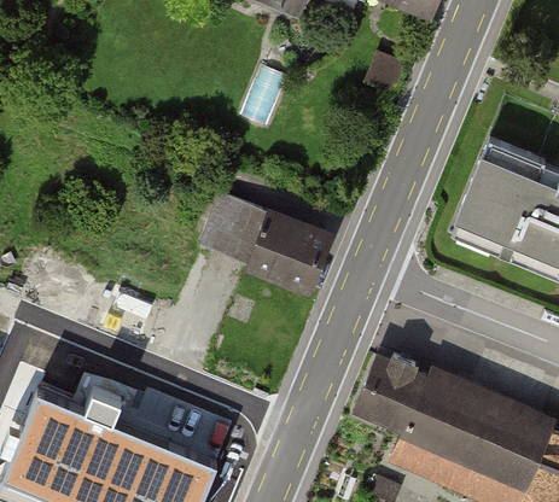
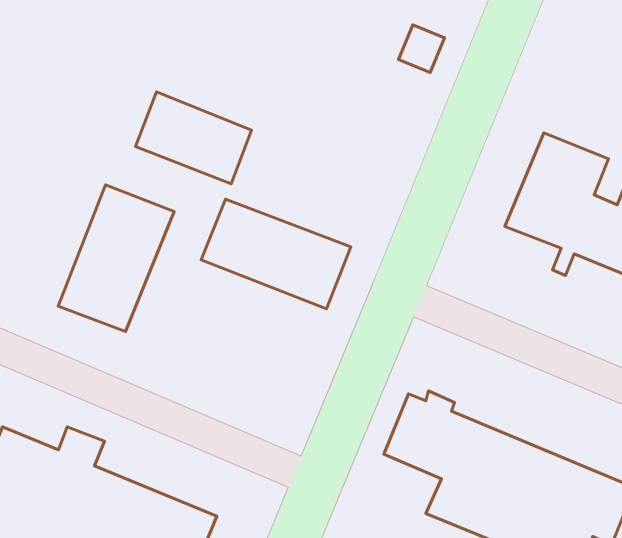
building: none -> [136,92,251,184]
building: none -> [58,185,174,332]

